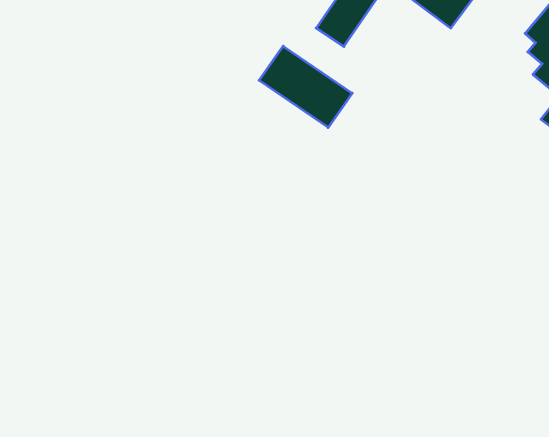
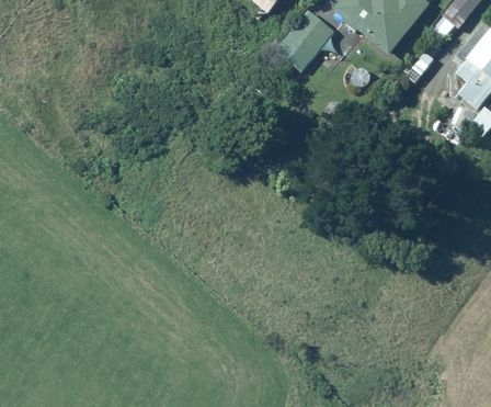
building: [259,46,352,128] -> none

